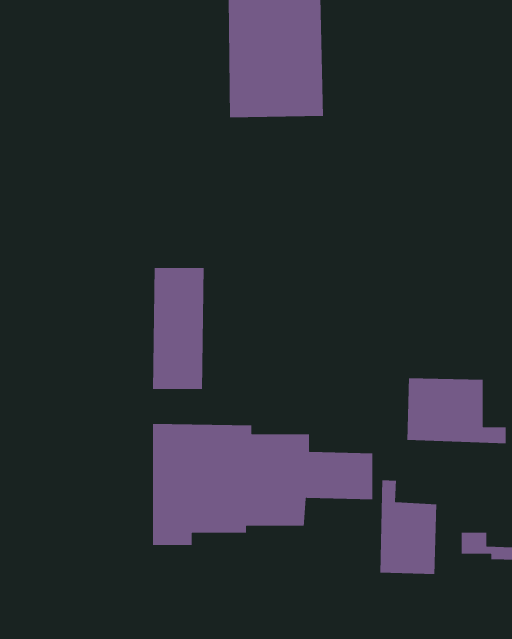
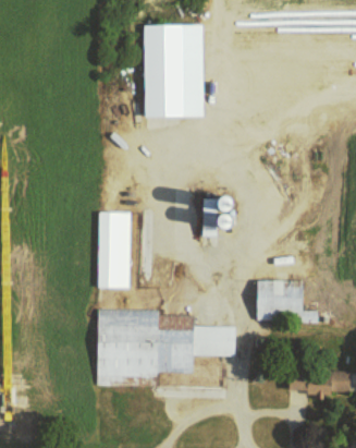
building: none -> [202,198,233,237]
building: [380,479,437,575] -> none

